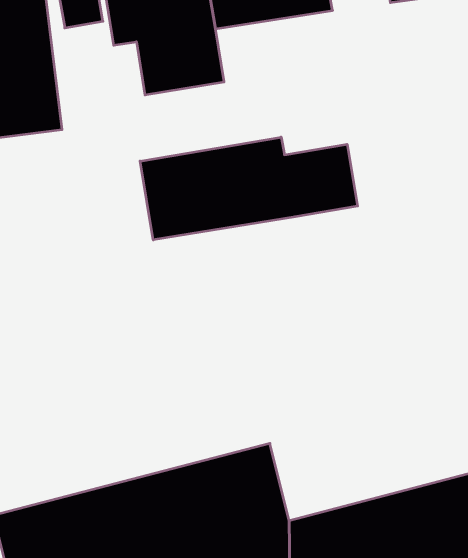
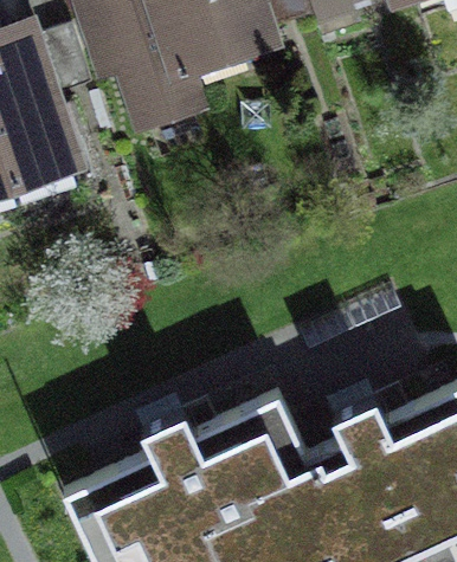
building: [140,137,358,240] -> none

